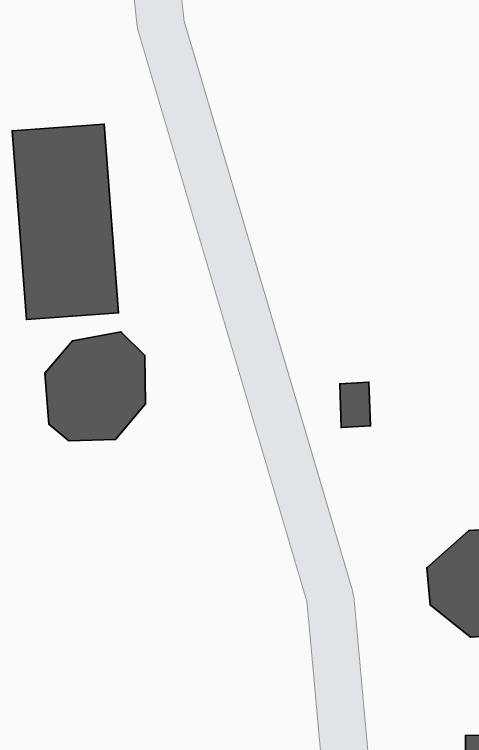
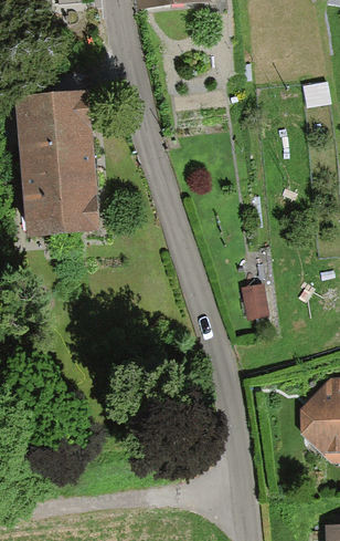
building: [45,332,146,441] -> none

